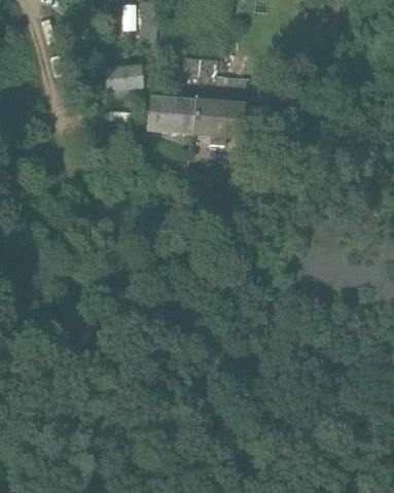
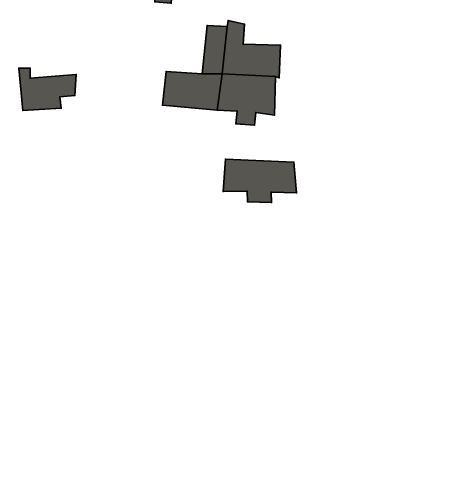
building: [104,63,151,98] -> [19,68,76,111]
building: none -> [223,159,296,203]

